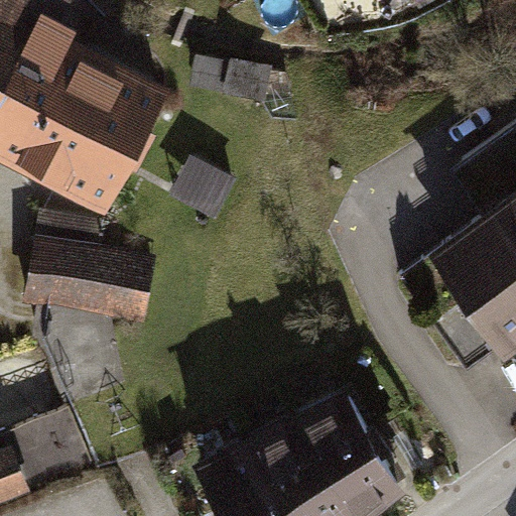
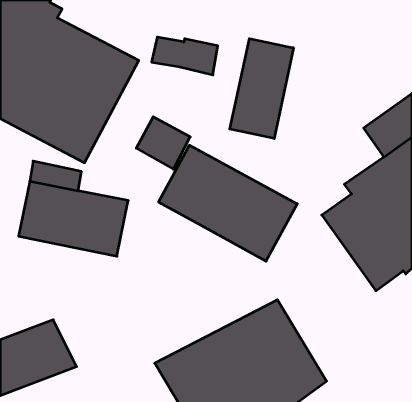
building: none -> [230,39,293,139]
building: none -> [159,145,297,261]

